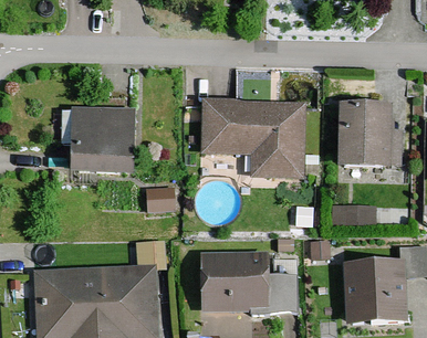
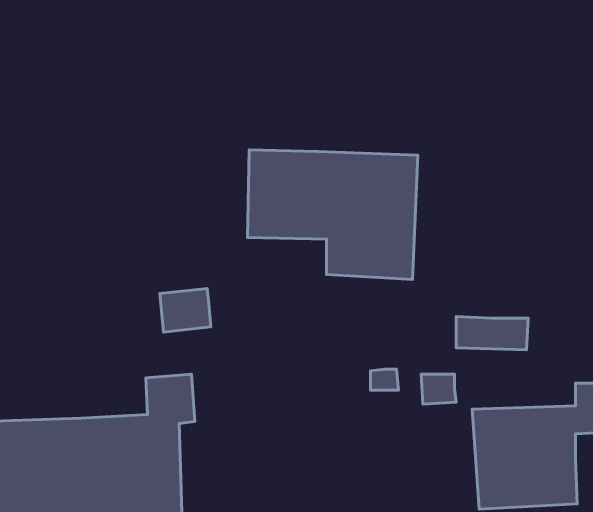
building: [339,102,403,166] -> none
building: [71,106,136,171] -> none
building: [201,250,298,311] -> none

